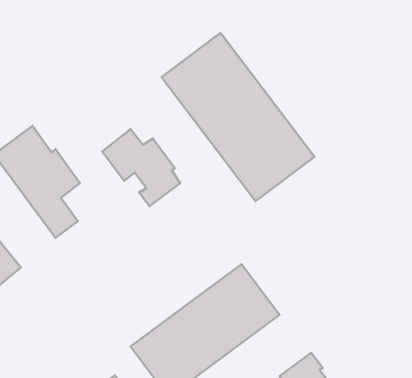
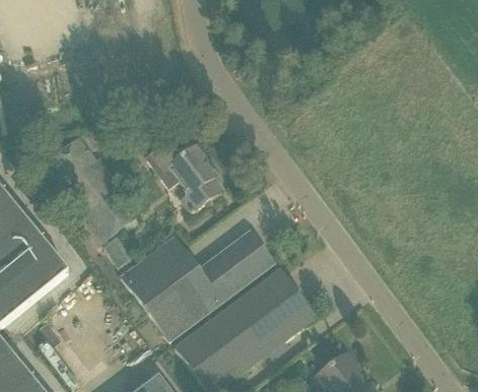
building: [162,33,314,201] -> none
building: none -> [120,227,275,339]

